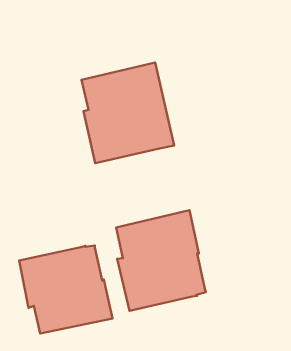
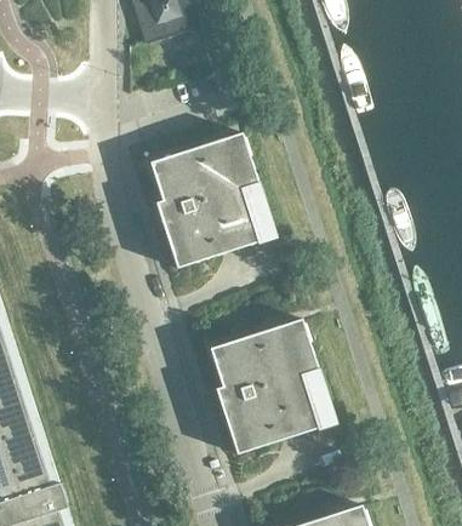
building: [19,245,113,334] -> none

